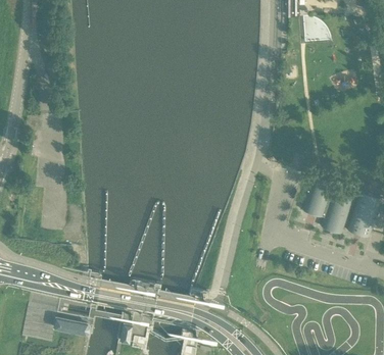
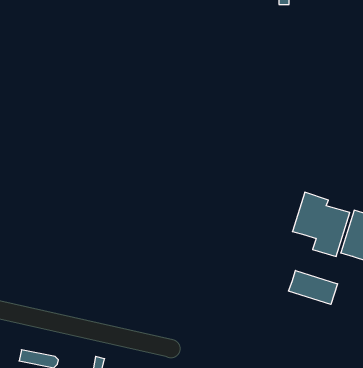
building: none -> [289,270,338,304]

